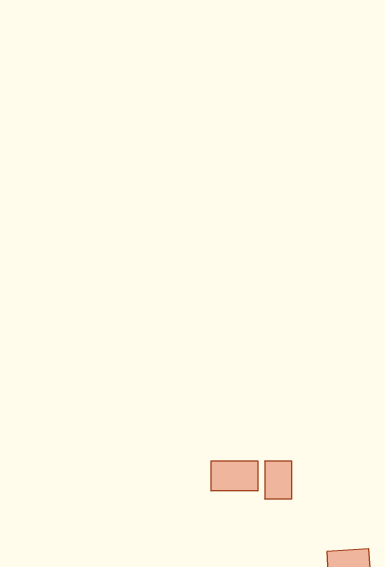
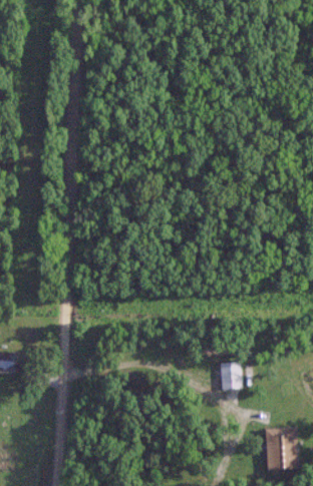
building: [211,461,258,491] -> none

